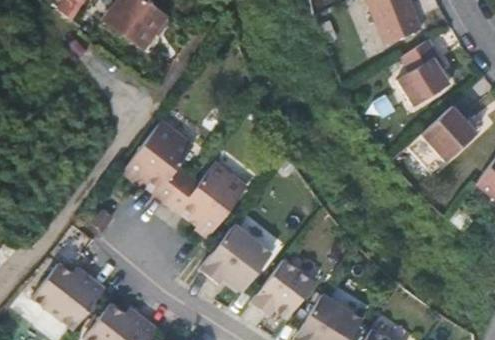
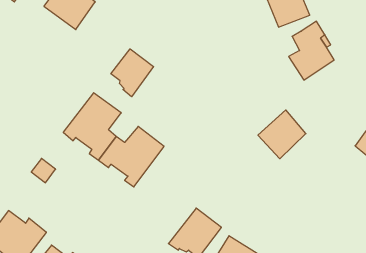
building: none -> [111,49,154,97]
building: [416,106,473,164] -> [258,110,306,159]
building: [200,227,271,293] -> none

